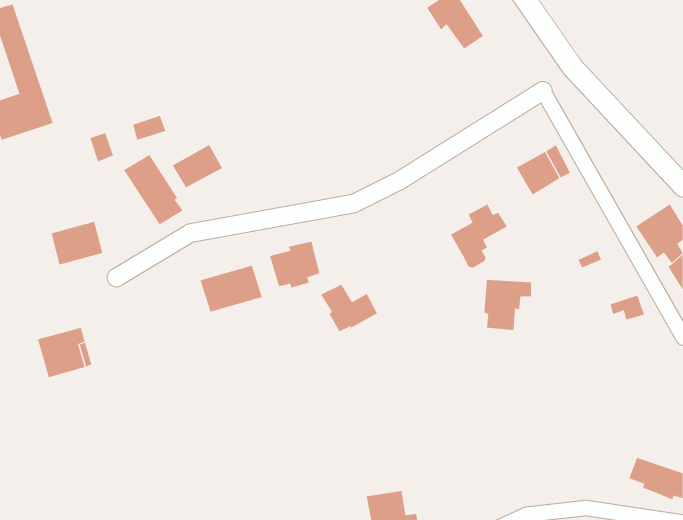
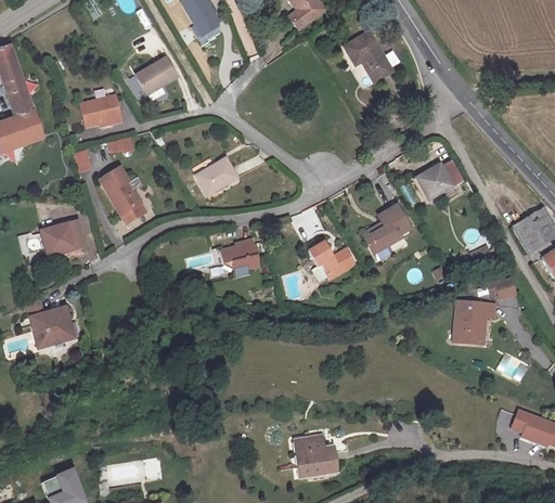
building: none -> [135,59,178,96]
building: none -> [77,94,120,128]
building: [172,144,223,188] -> [196,158,237,194]
building: [200,265,262,312] -> none
building: [483,279,532,330] -> [461,304,500,345]
building: [320,284,378,332] -> [308,240,354,279]

